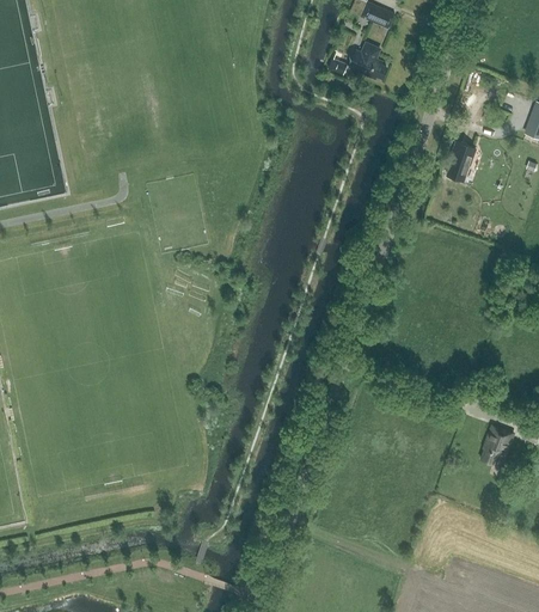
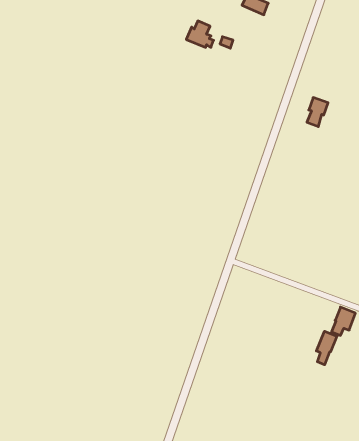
building: [349,42,386,78] -> [186,21,214,47]
building: none -> [316,331,337,365]

